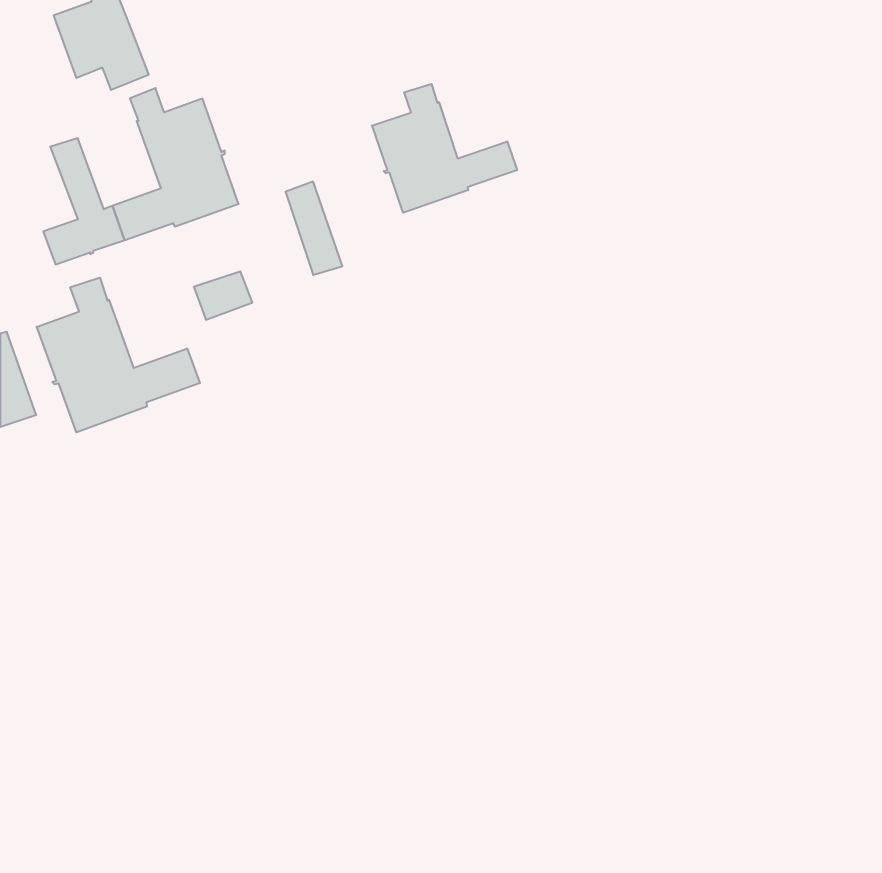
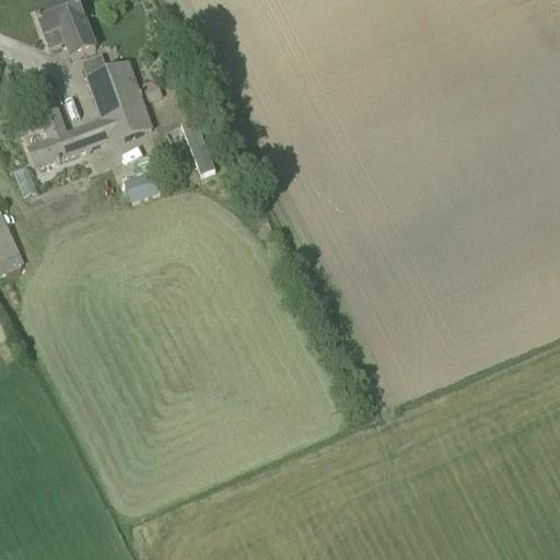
building: [372,84,517,213] -> none
building: [37,278,200,432] -> none

